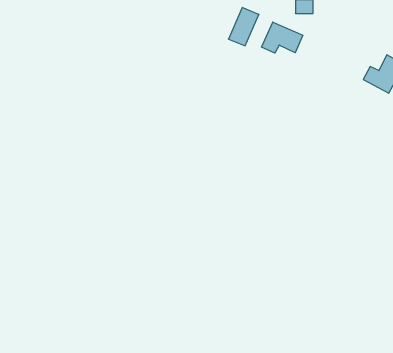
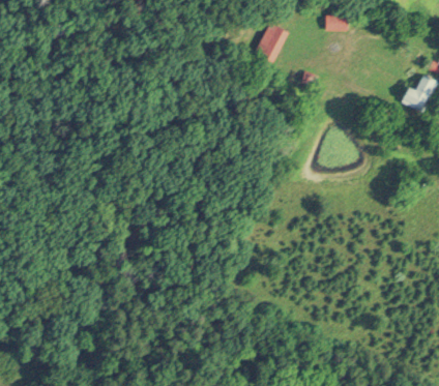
building: [262,22,303,53] -> none

